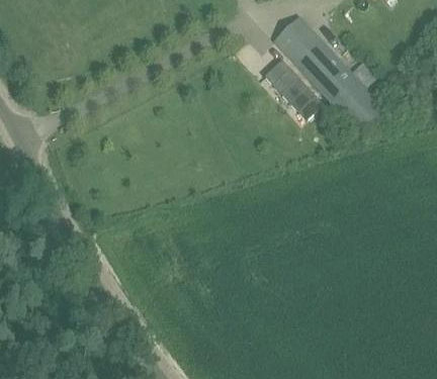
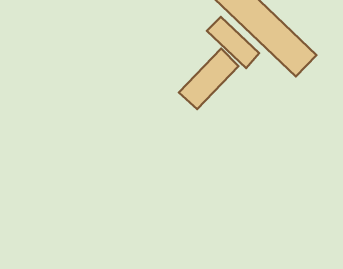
building: none -> [179,49,238,109]

